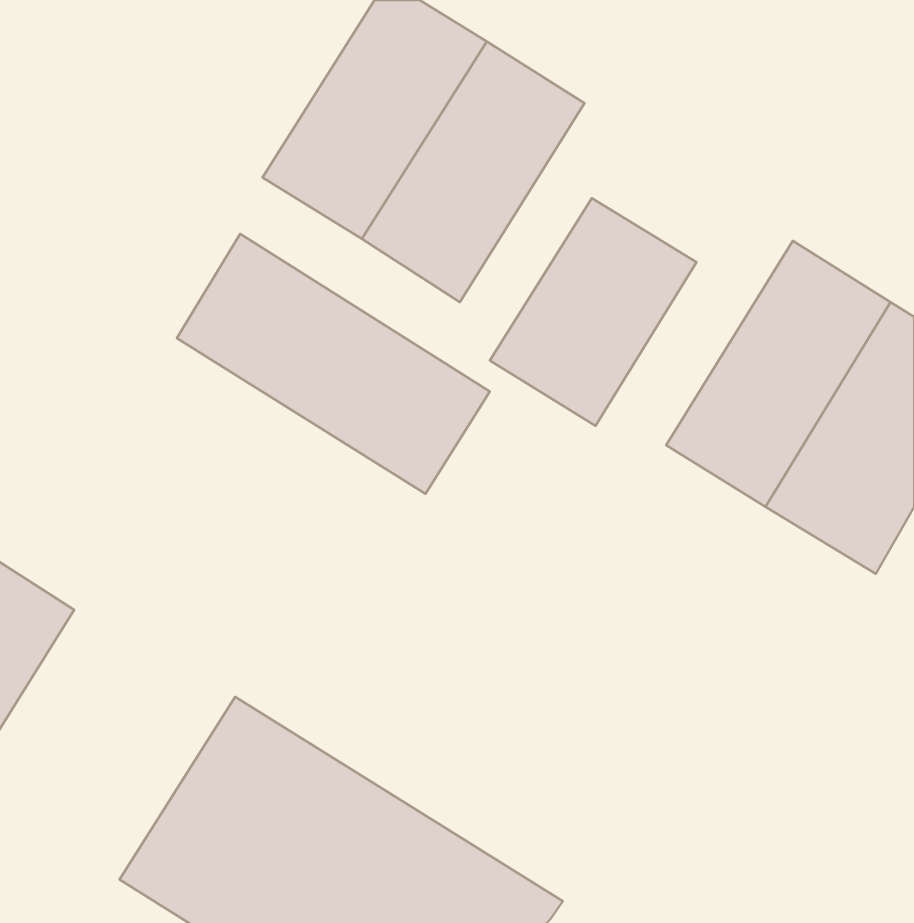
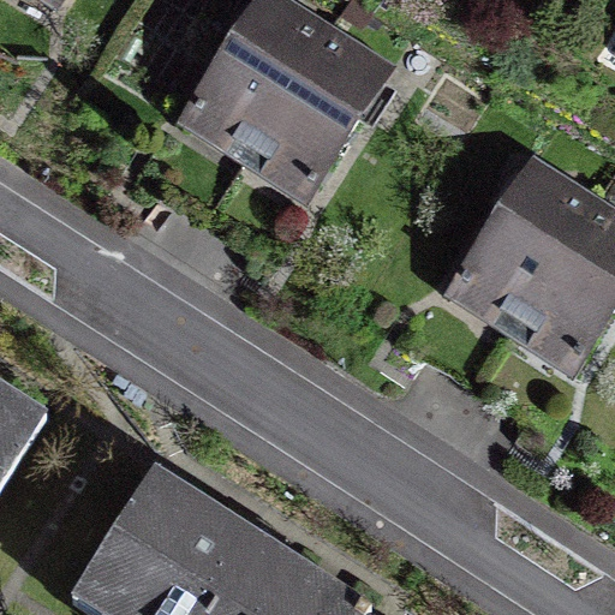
building: [490,198,697,426] -> none
building: [177,234,490,494] -> none

